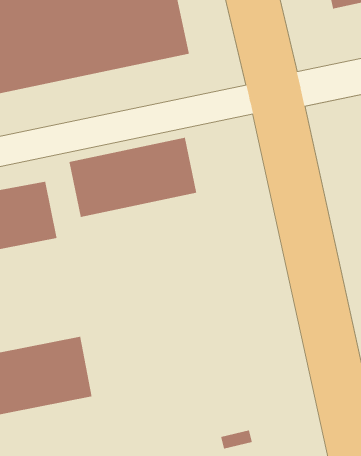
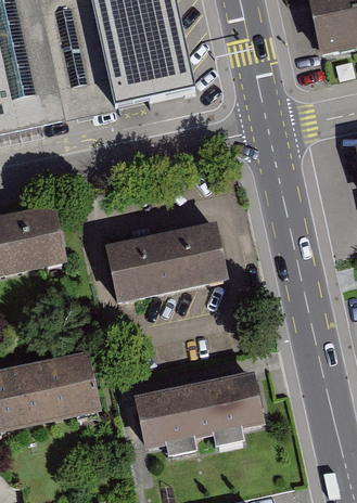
building: [68,137,197,218] -> [107,223,227,298]
building: none -> [135,374,264,446]

